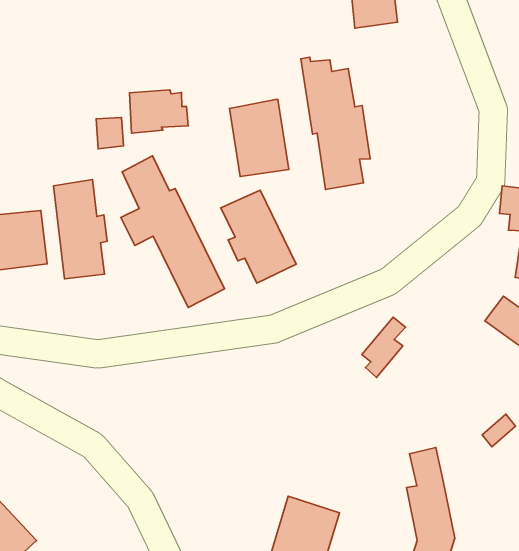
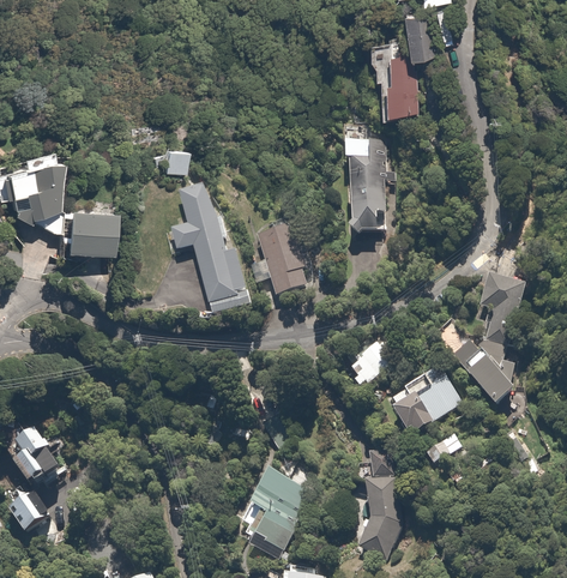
building: [129,90,188,133] -> none
building: [229,99,289,177] -> none
building: [53,180,107,279] -> none
building: none -> [385,367,459,434]

